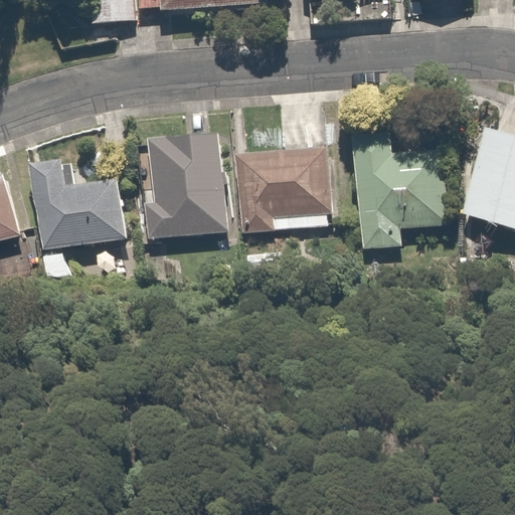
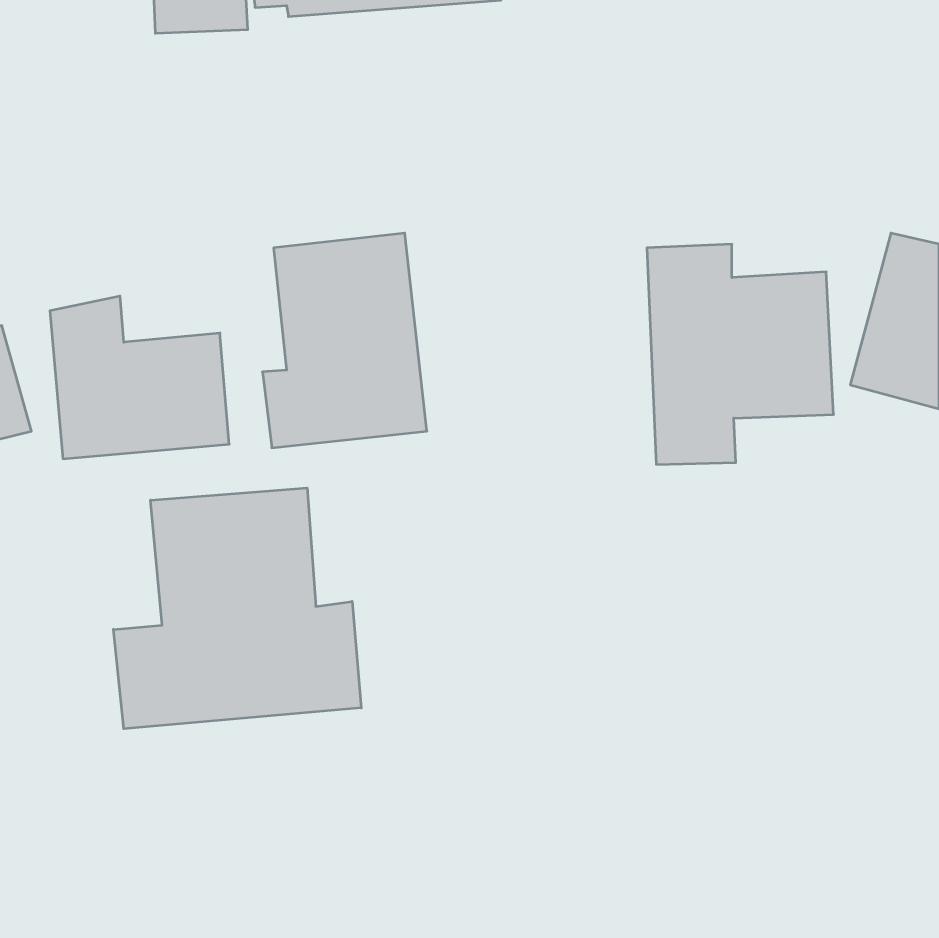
building: [230,141,336,234] -> none
building: none -> [113,488,361,729]

